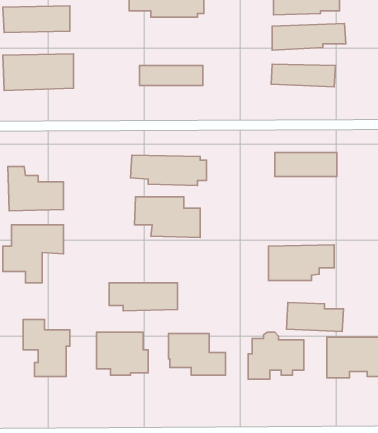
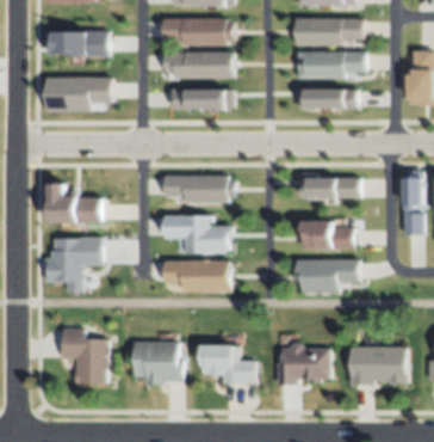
building: none -> [166,50,235,78]
building: [109,283,178,311] -> [168,260,232,287]
building: [287,302,344,332] -> [299,220,353,247]

